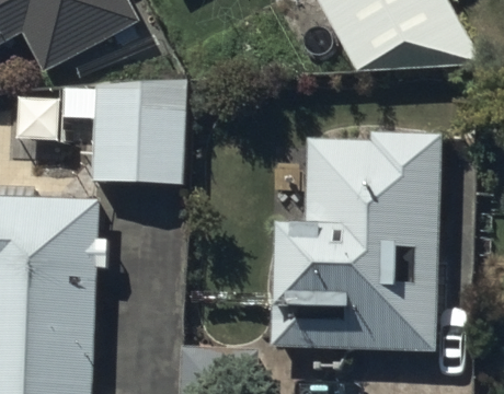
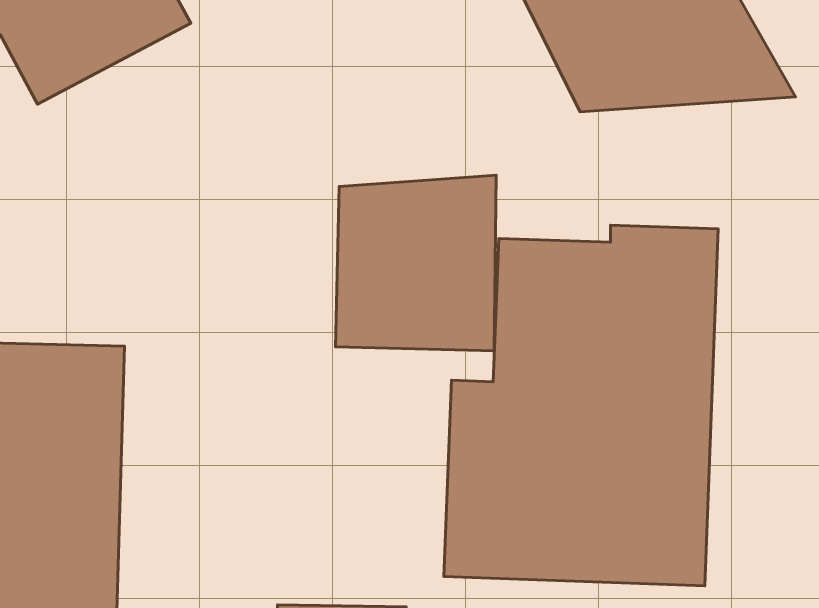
building: [93,79,186,181] -> [335,175,496,351]

